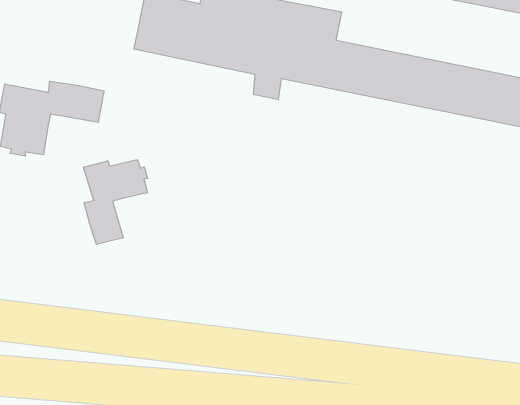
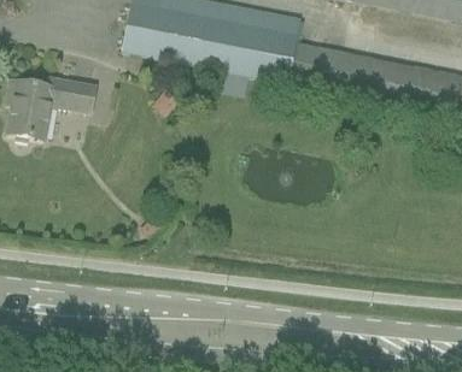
building: [84,160,148,244] -> none

